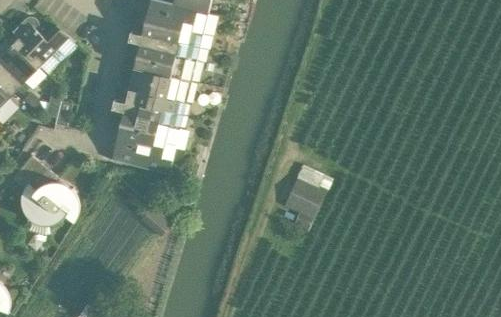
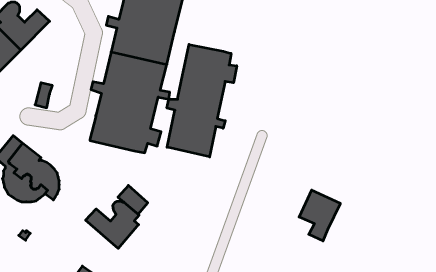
building: none -> [167,44,237,157]
building: [282,178,325,231] -> [299,190,340,241]
building: none -> [86,201,139,248]

